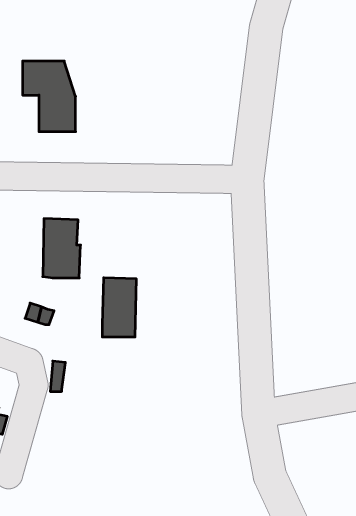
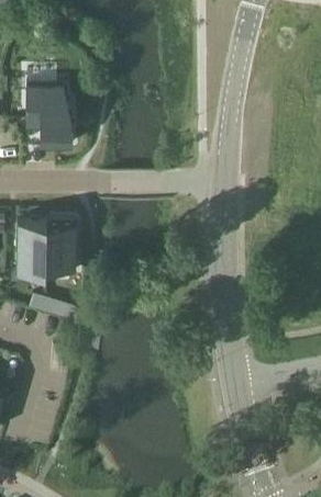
building: [102,278,136,337] -> [16,219,46,271]

